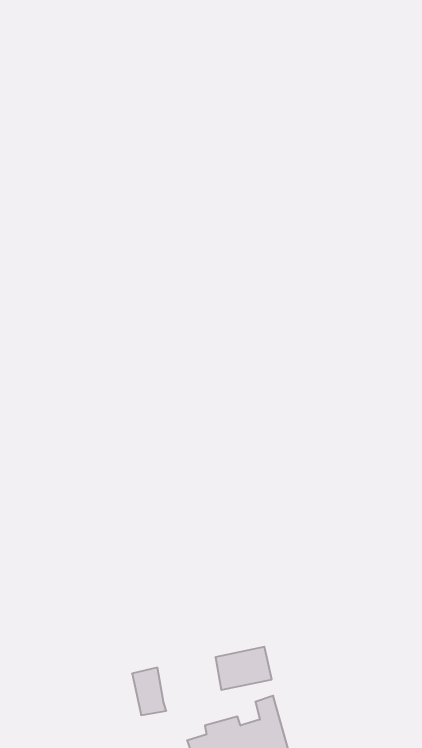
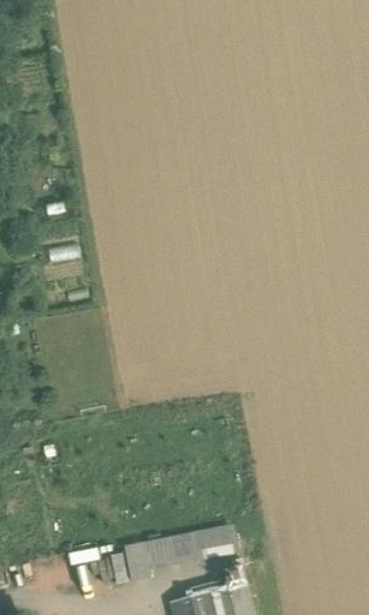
building: none -> [145,533,197,569]

